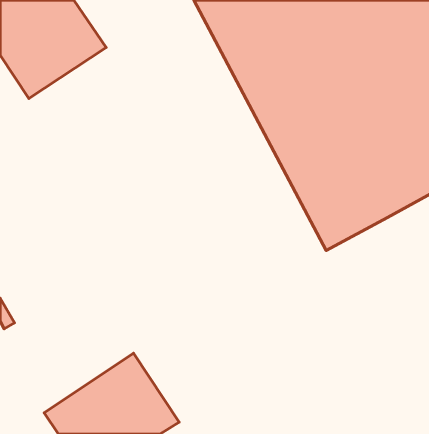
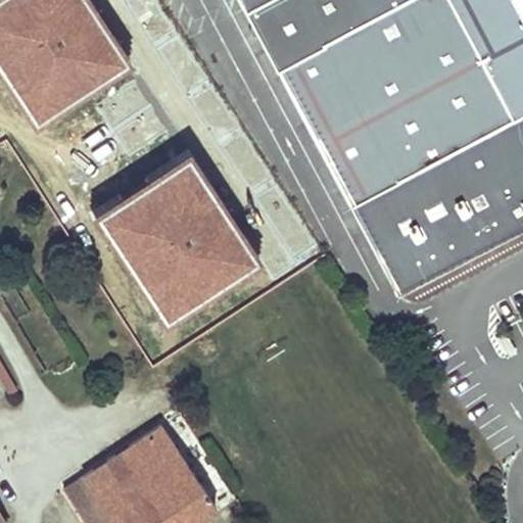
building: none -> [97,150,262,318]

